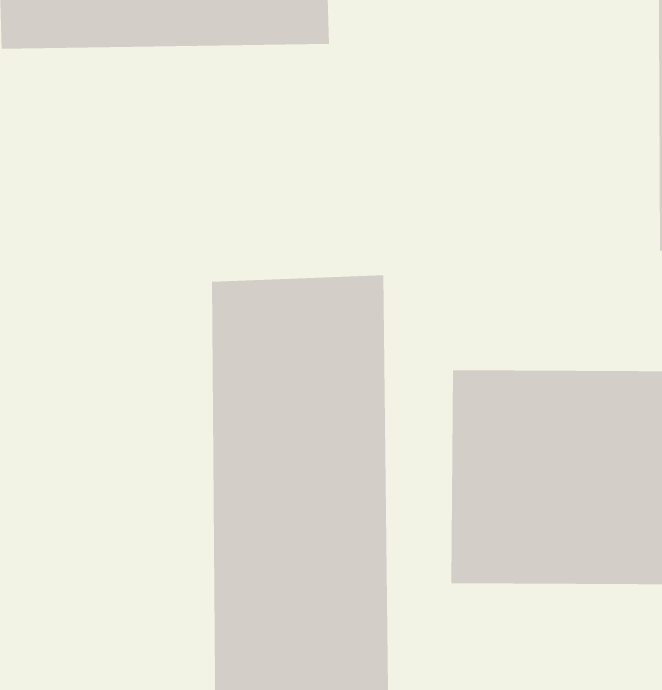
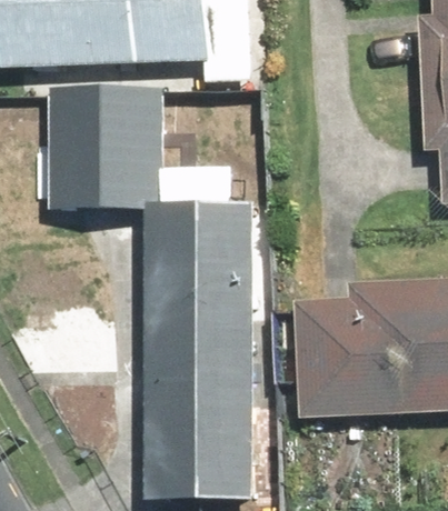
building: none -> [51,79,163,212]

